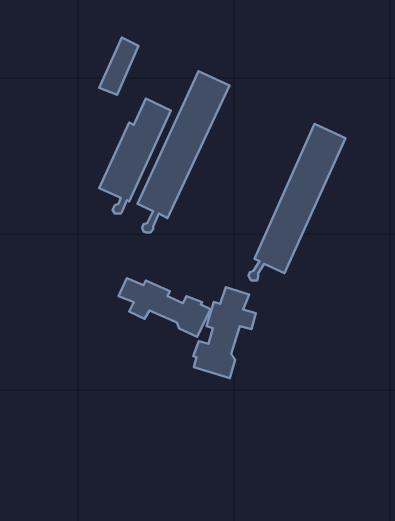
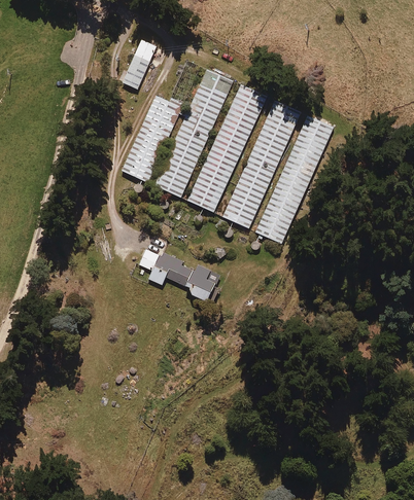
building: none -> [187,84,267,224]
building: none -> [222,101,301,239]
building: [193,287,256,378] -> none

